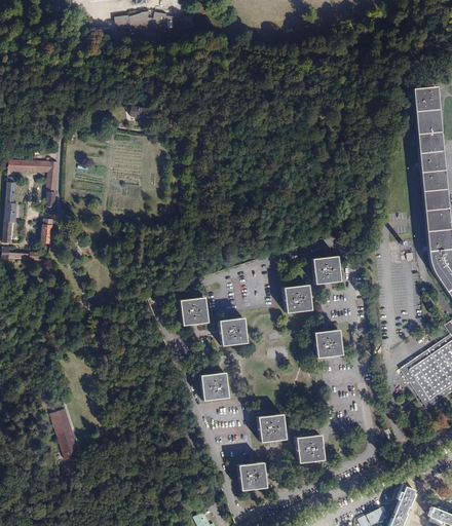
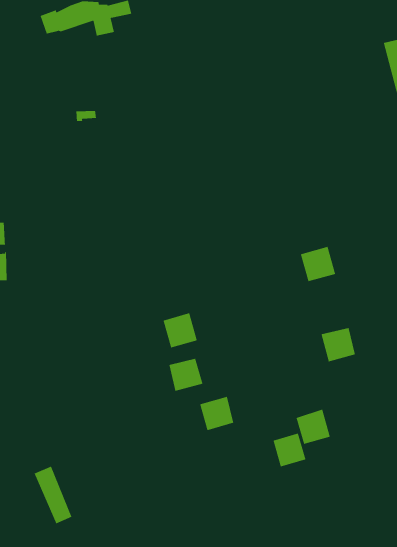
building: [285,284,313,312] -> none
building: [221,316,249,343] -> [168,358,203,392]
building: [298,433,326,461] -> [296,409,331,445]
building: [240,460,268,488] -> none

